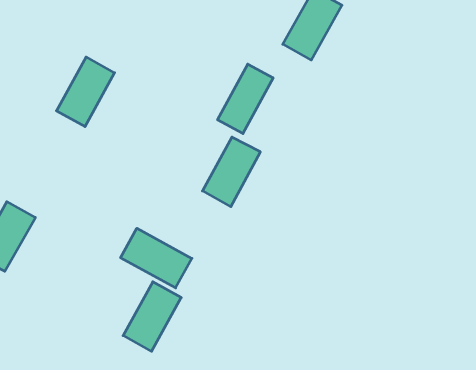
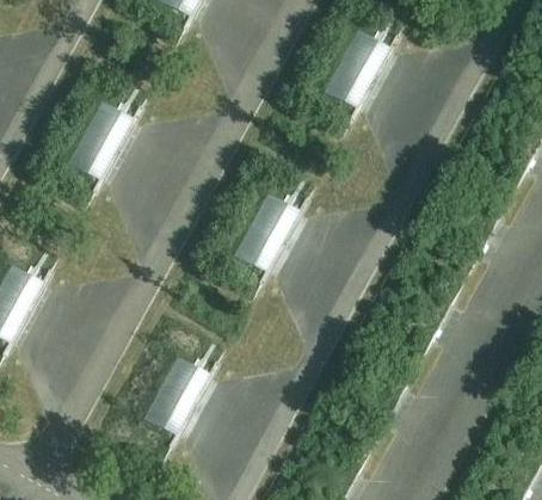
building: [218,64,273,134] -> none
building: [121,228,192,288] -> none

